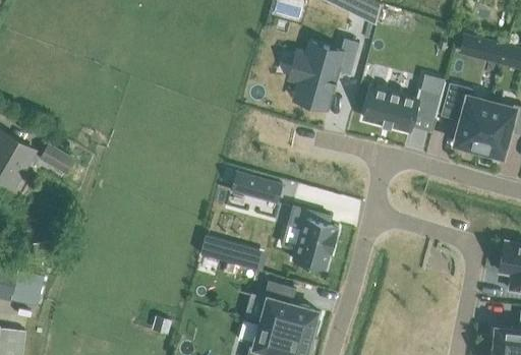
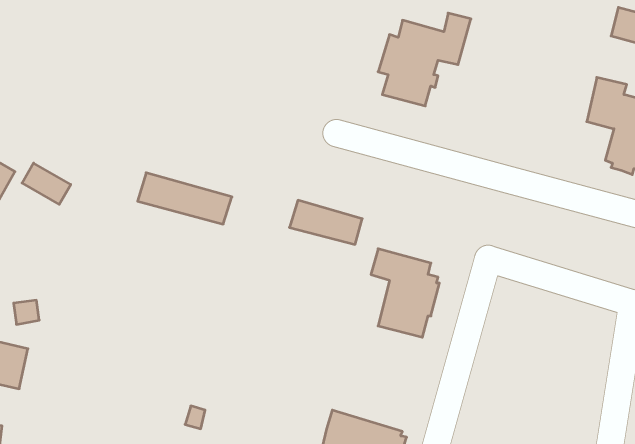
building: [363,81,445,131] -> none
building: [199,235,267,272] -> [138,173,232,224]
building: [260,281,320,337] -> none

